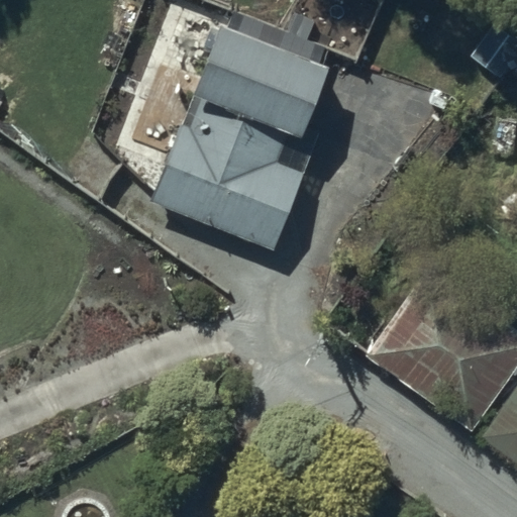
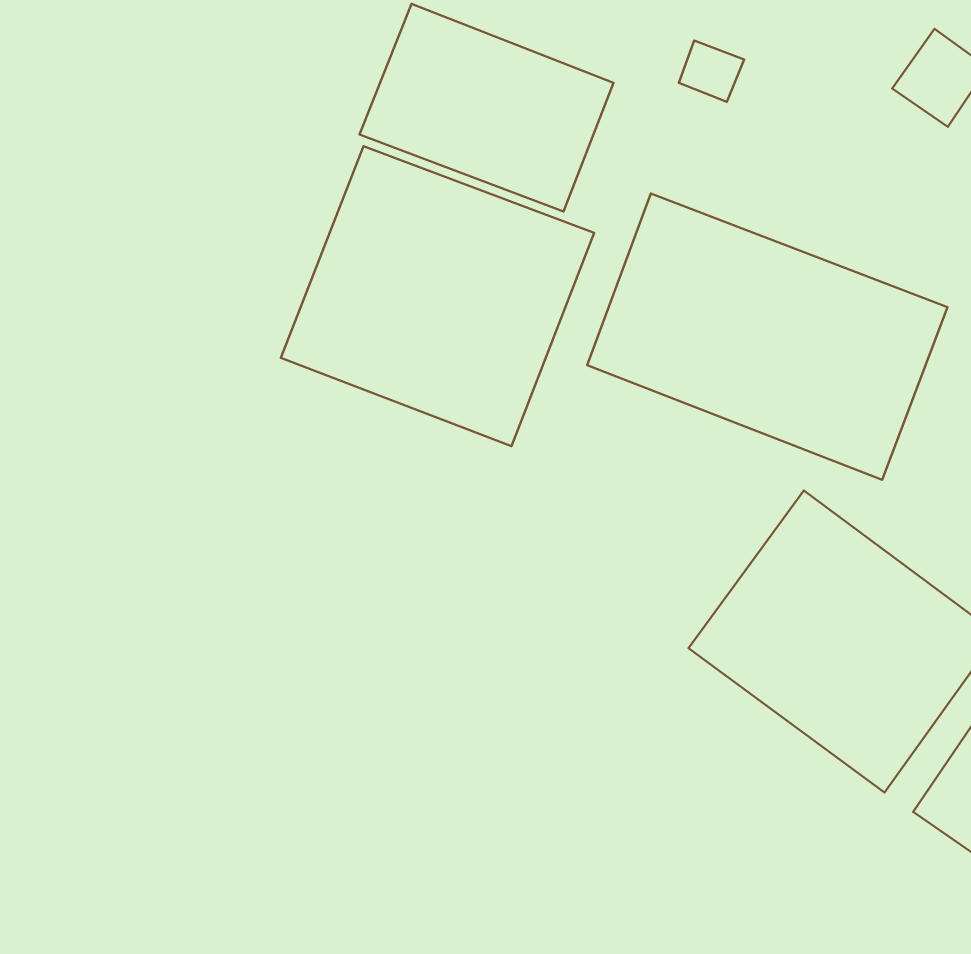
building: none -> [587,194,947,480]

